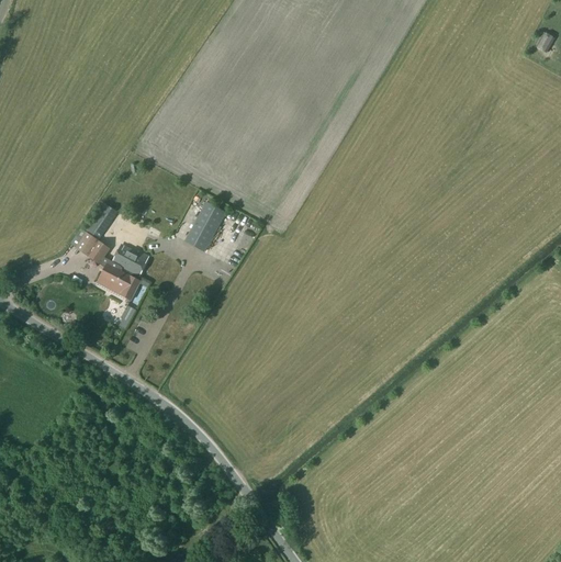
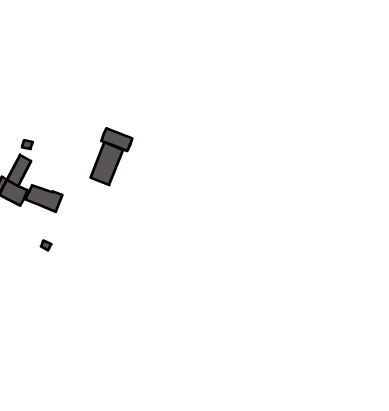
building: none -> [101,128,132,151]
building: [98,257,139,302] -> none

